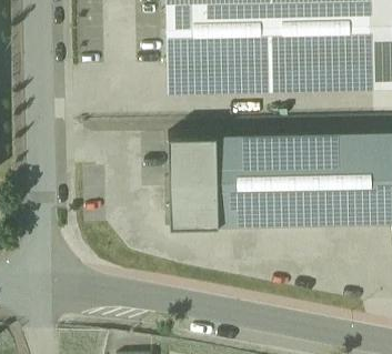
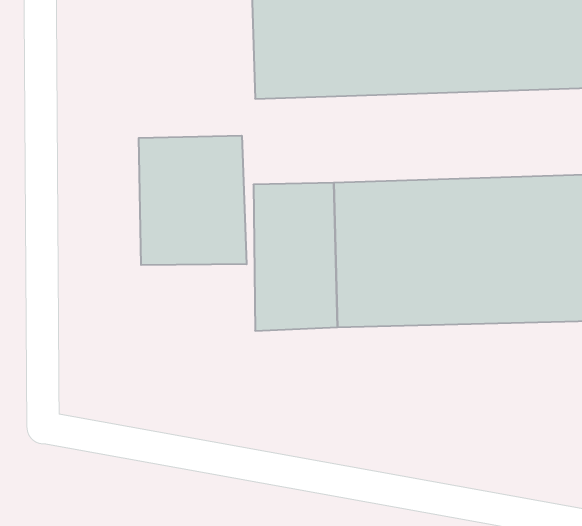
building: none -> [139,136,247,265]

